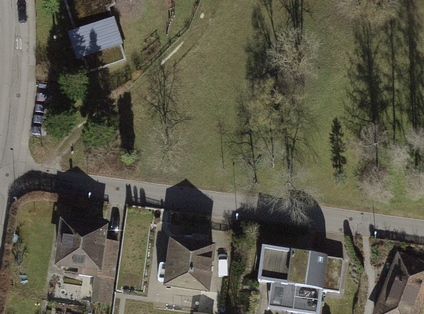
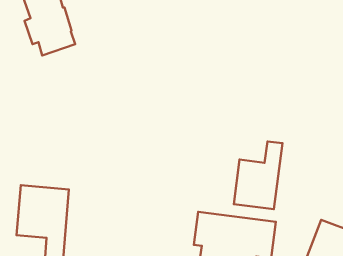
building: none -> [234,141,282,209]
building: [165,234,218,286] -> none

